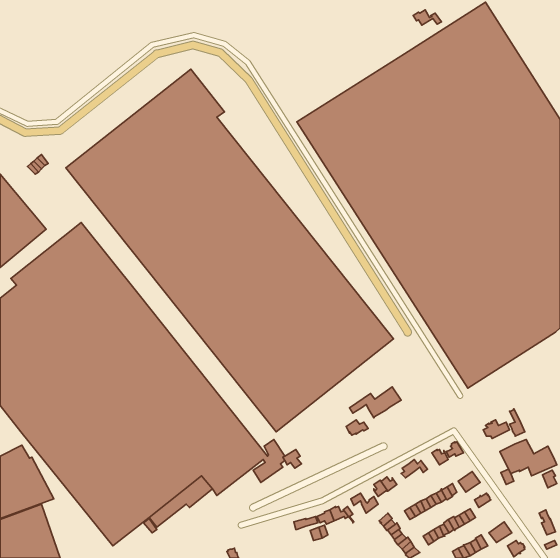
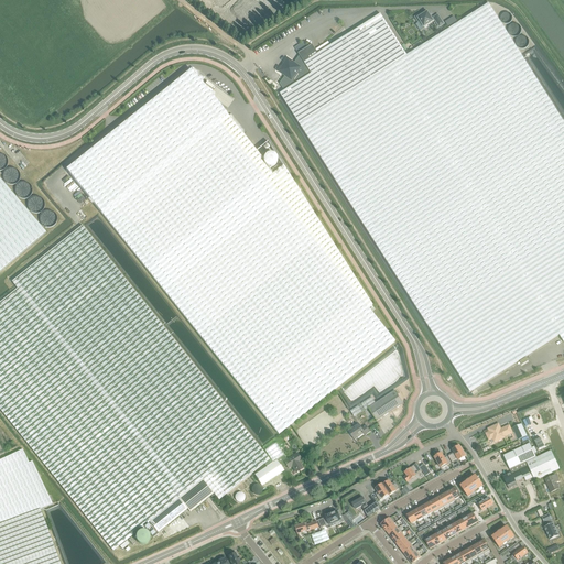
building: none -> [279,12,406,122]
building: none -> [218,112,375,307]

